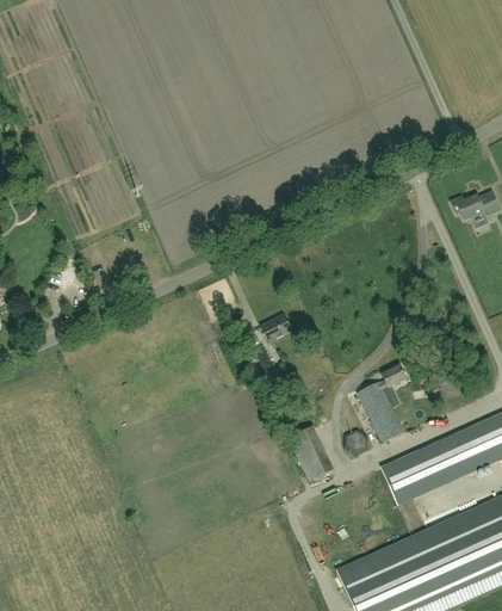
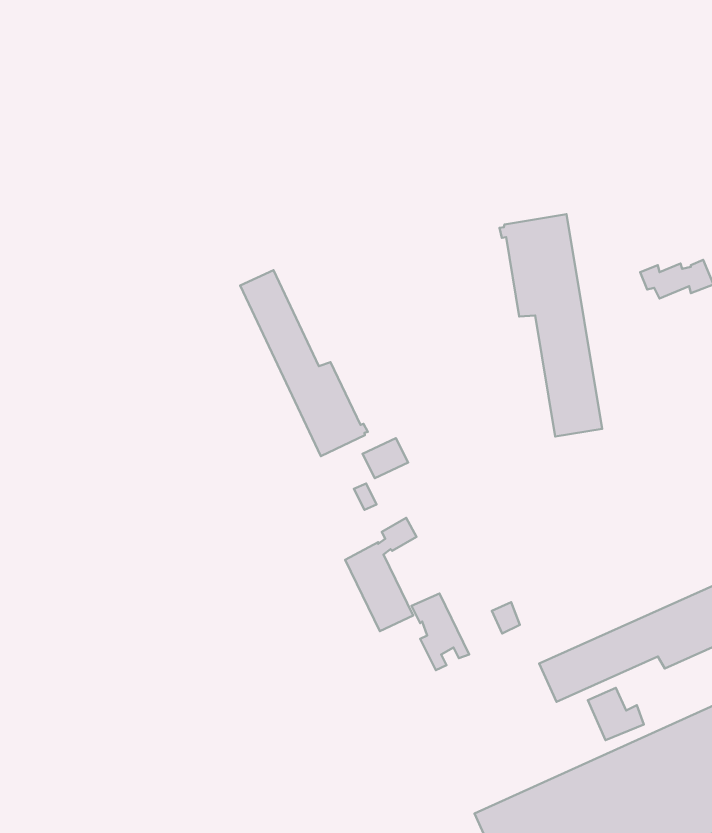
building: none -> [500,214,602,436]
building: none -> [240,270,368,456]
building: [357,363,405,440] -> [345,518,417,631]

